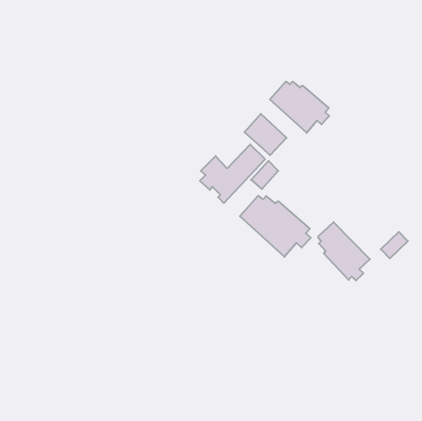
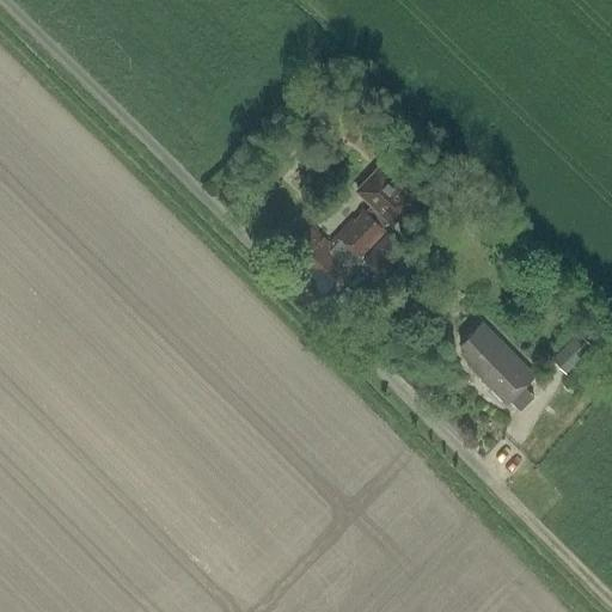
building: [270,82,329,133] -> none
building: [240,196,311,257] -> none

